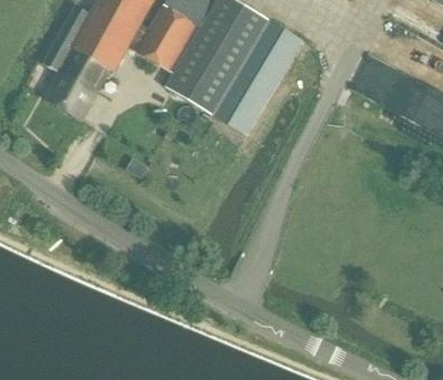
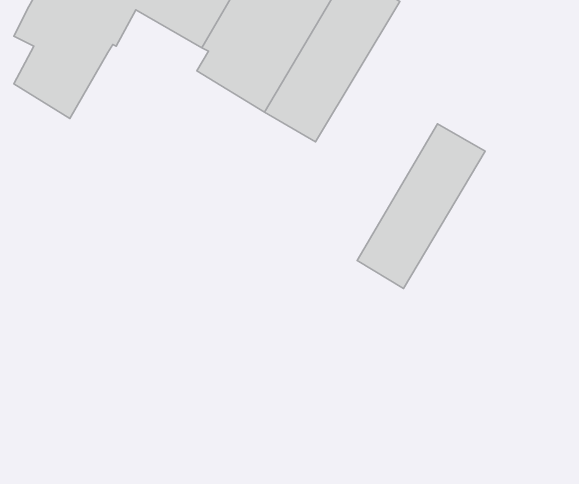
building: none -> [357,124,485,289]

